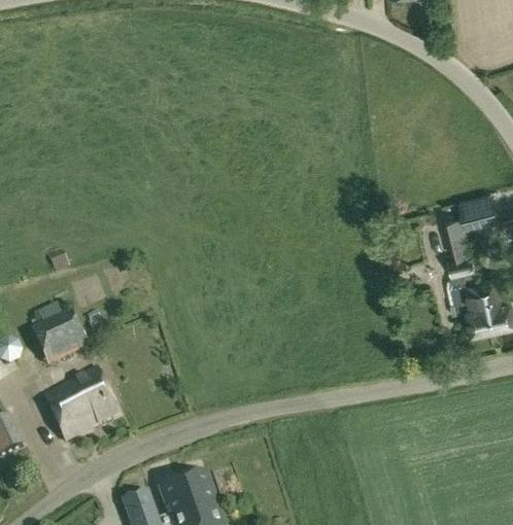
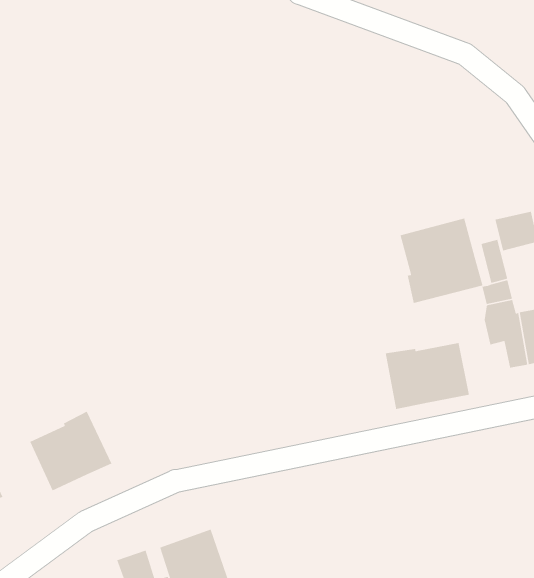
building: none -> [399,218,483,304]
building: [31,302,89,365] -> none
building: none -> [385,342,470,410]

